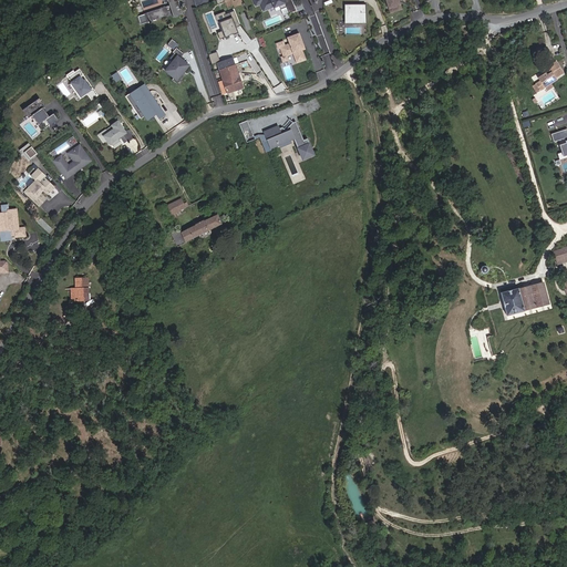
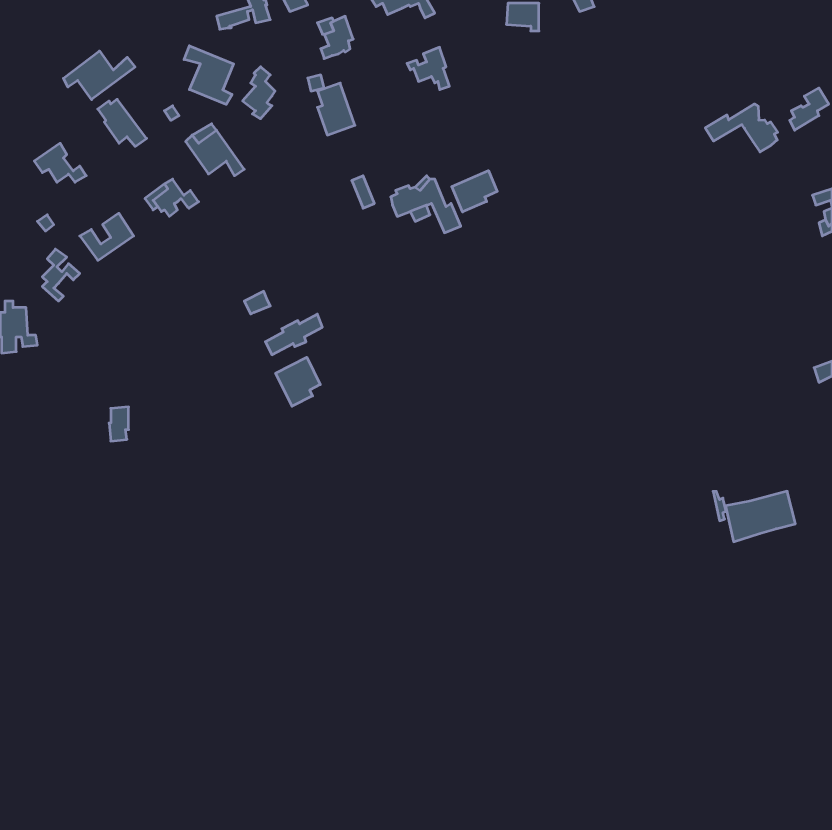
building: none -> [184,46,234,104]
building: none -> [63,51,135,100]
building: none -> [705,104,778,152]
building: none -> [452,171,497,212]
building: none -> [276,357,320,406]
building: [501,281,548,316] -> [725,491,795,542]

